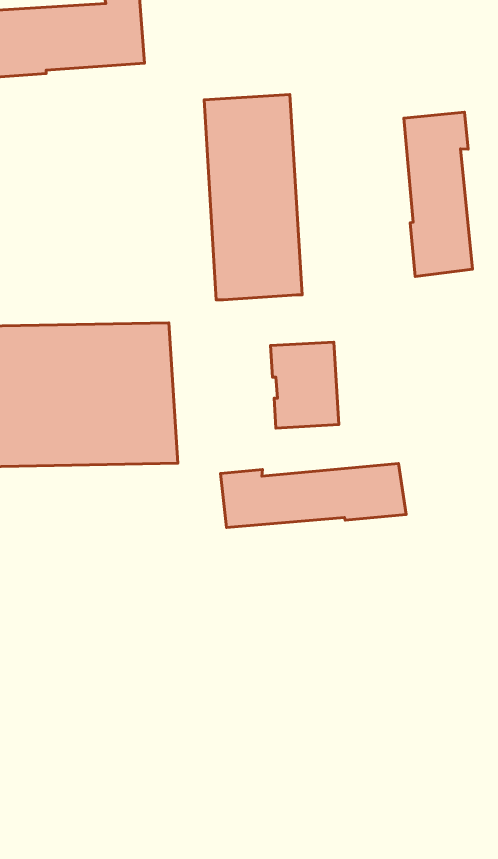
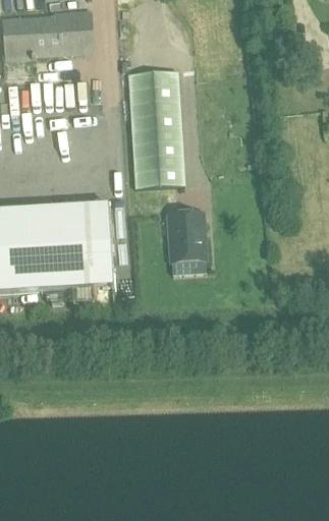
building: [404,112,472,277] -> none
building: [220,464,406,528] -> none

